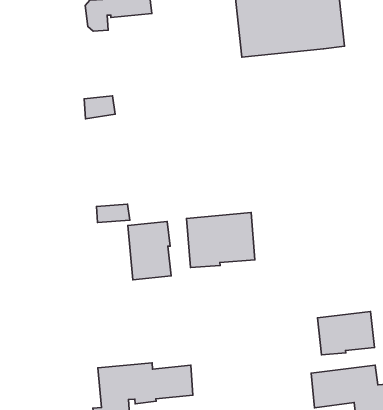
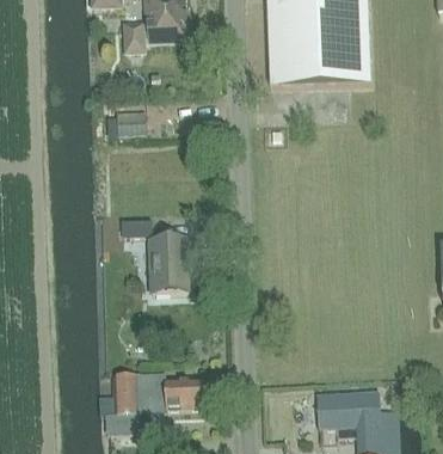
building: [187,212,255,267] -> none
building: [317,312,375,355] -> none

